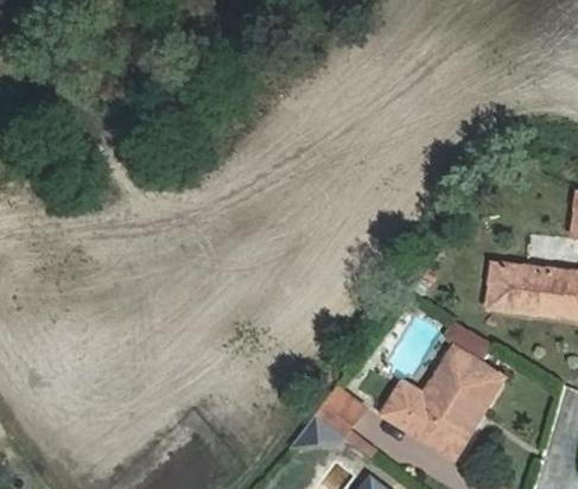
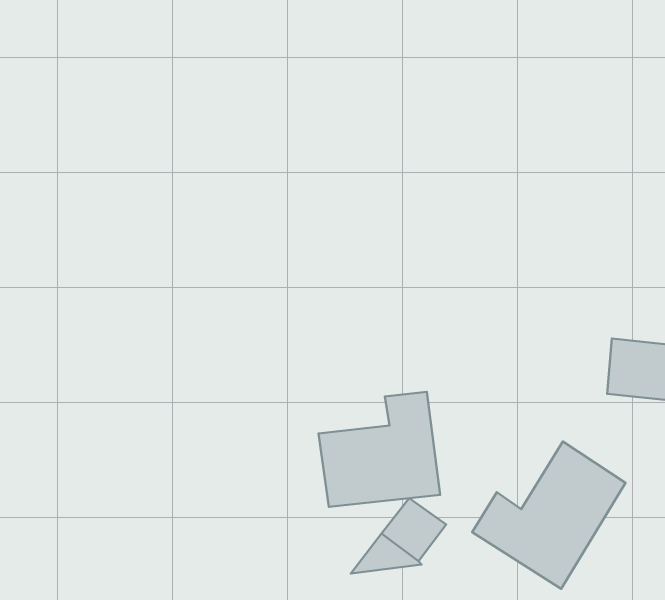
building: none -> [318,392,440,507]

